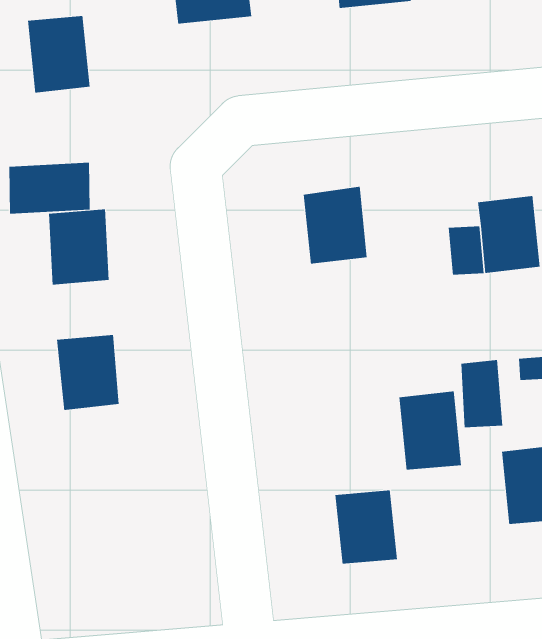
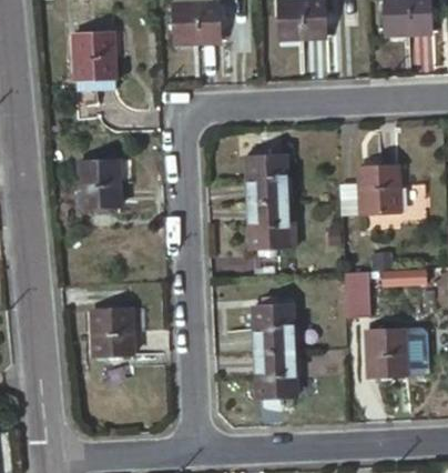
building: [9,162,90,215] -> none
building: none -> [250,199,301,248]
building: [56,335,120,411] -> [92,309,131,356]
building: [398,391,462,470] -> [255,303,294,353]

